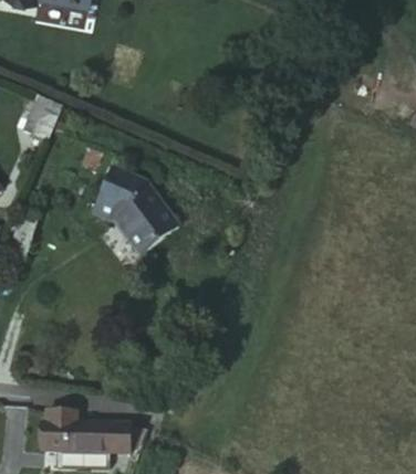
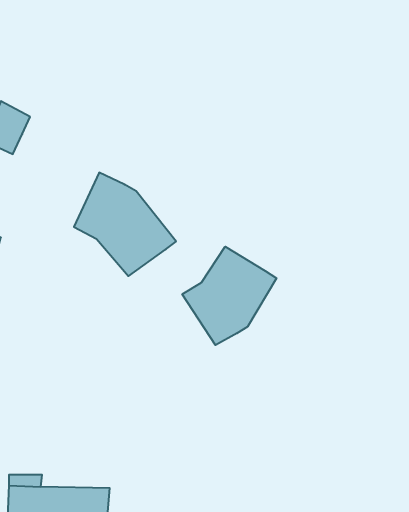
building: none -> [182,247,276,345]

